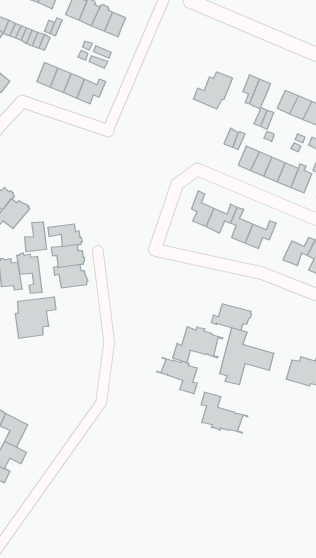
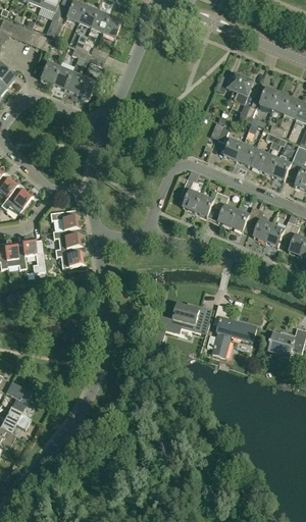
building: [193,72,232,109] -> none
building: [25,222,46,252] -> none
building: none -> [252,208,272,242]
building: [15,297,56,338] -> none
building: [211,304,252,330] -> none
building: [157,357,197,394] -> none
building: [201,392,248,433] -> none

